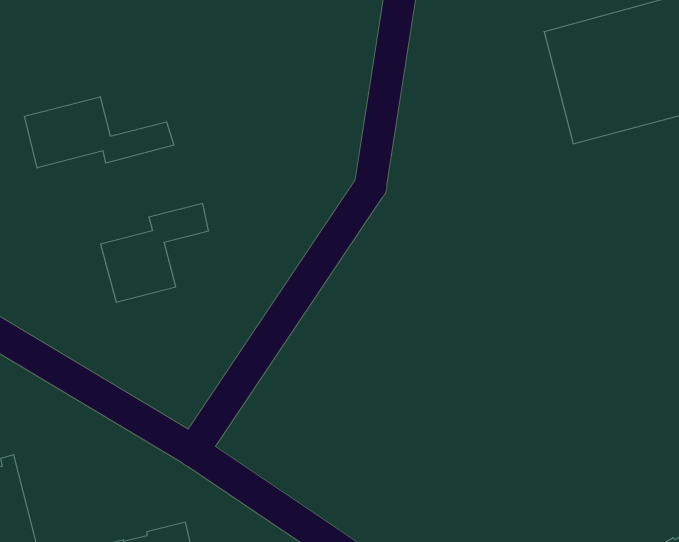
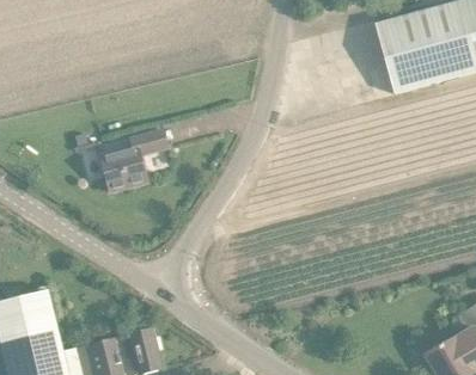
building: [25,97,174,168] -> none

